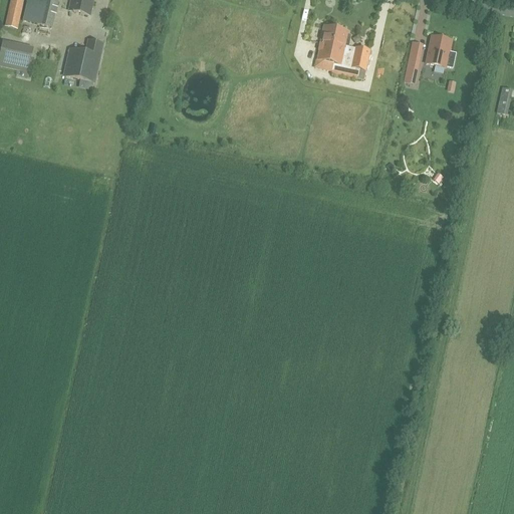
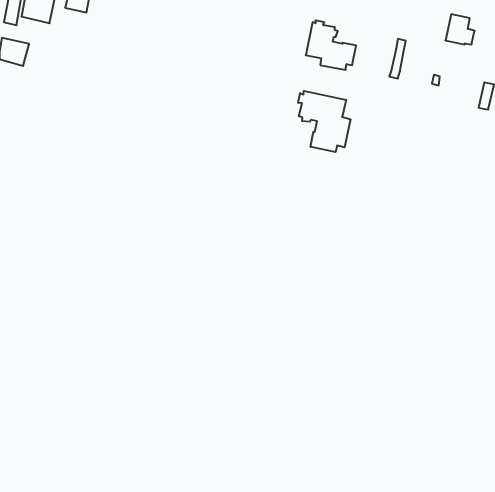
building: [425,34,455,65] -> [445,14,475,44]
building: [63,37,101,80] -> none
building: none -> [298,91,351,152]

